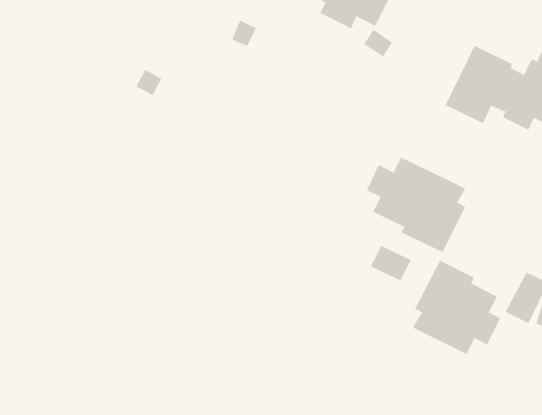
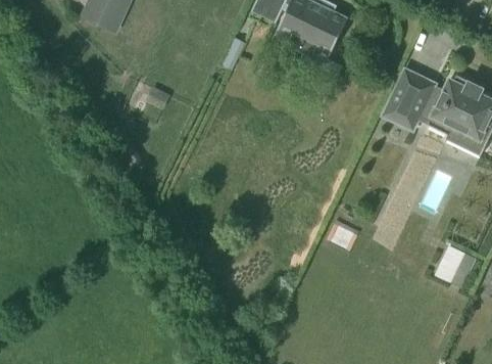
building: [366,157,466,253] -> none
building: [412,260,501,355] -> none

